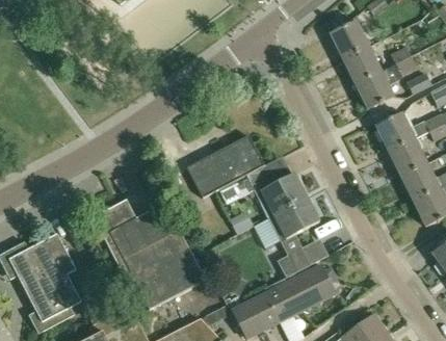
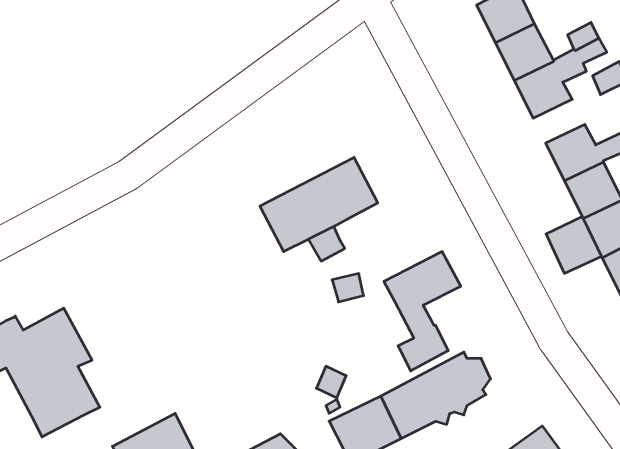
building: [246,164,307,216] -> none
building: none -> [546,216,601,273]
building: [93,198,205,308] -> none

